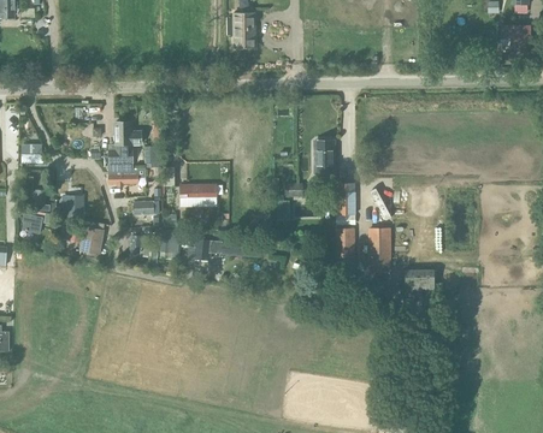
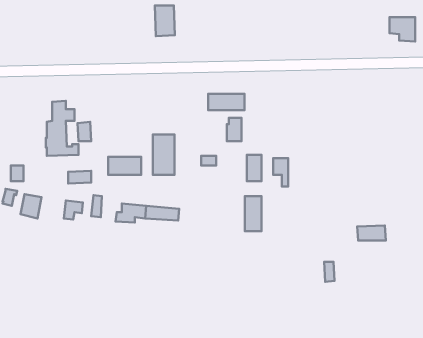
building: none -> [208,94,245,110]
building: none -> [153,135,175,175]
building: [368,227,390,268] -> none
building: [399,277,431,293] -> [357,226,386,240]

